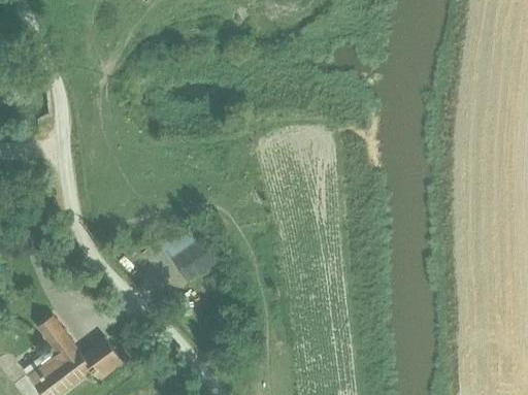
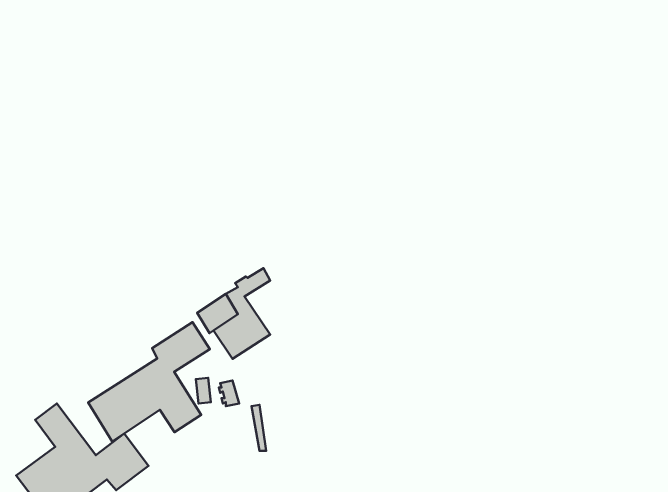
building: none -> [88,322,210,441]

